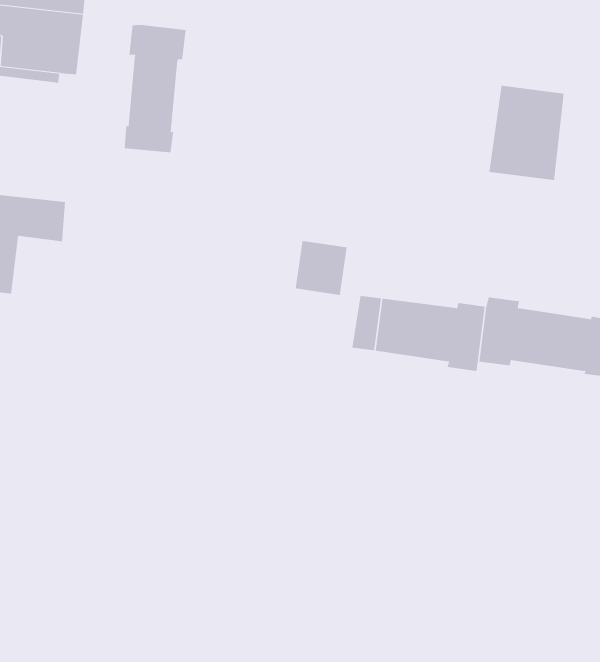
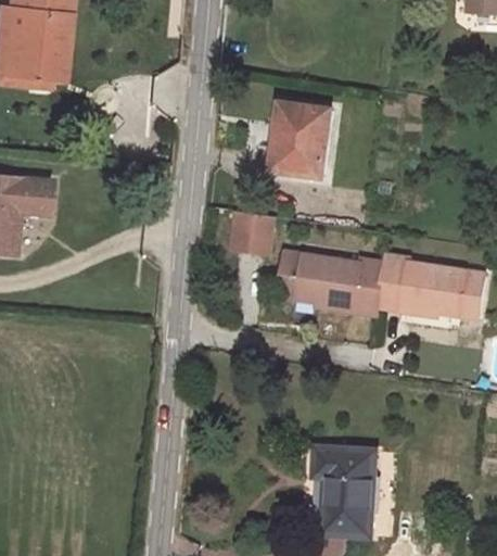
building: [124,24,186,153] -> none
building: [489,85,564,180] -> [275,103,334,178]
building: none -> [309,447,370,538]

